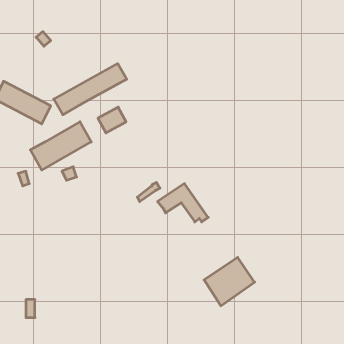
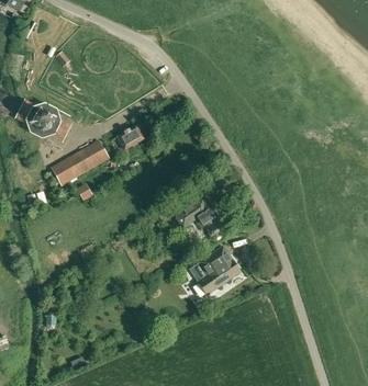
building: [54,64,127,115] -> none
building: [204,257,255,306] -> [190,247,239,294]

